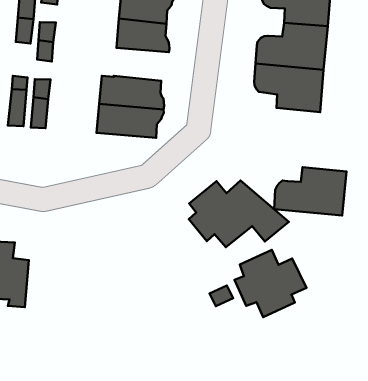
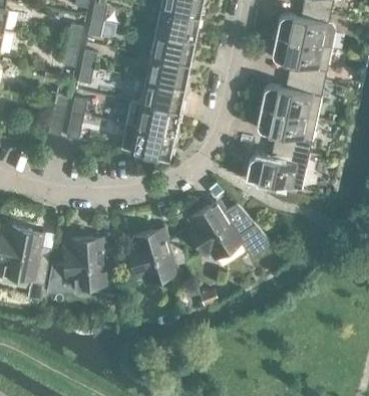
building: none -> [139,80,188,113]
building: [274,167,346,215] -> [244,147,308,191]
building: none -> [62,238,116,288]
building: [234,250,306,317] -> [126,228,186,283]

